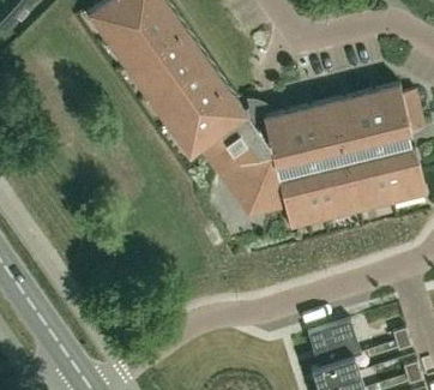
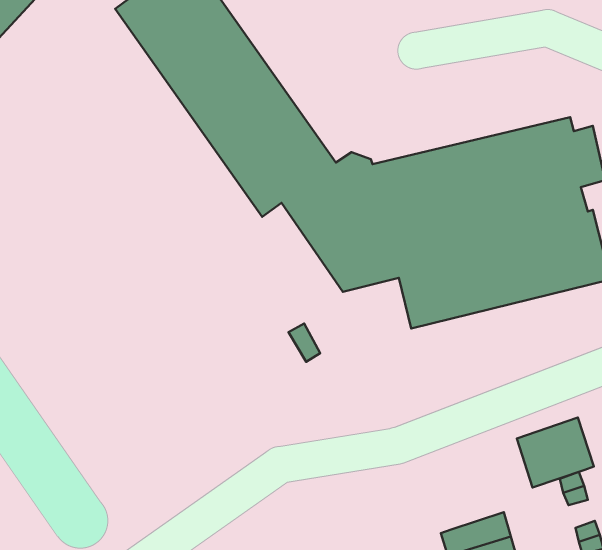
building: [307,319,360,367] -> [517,417,594,487]

